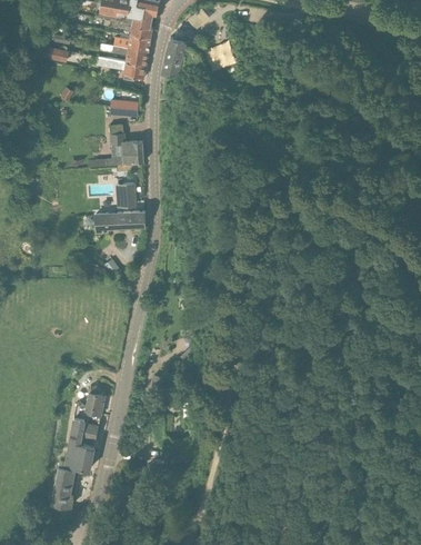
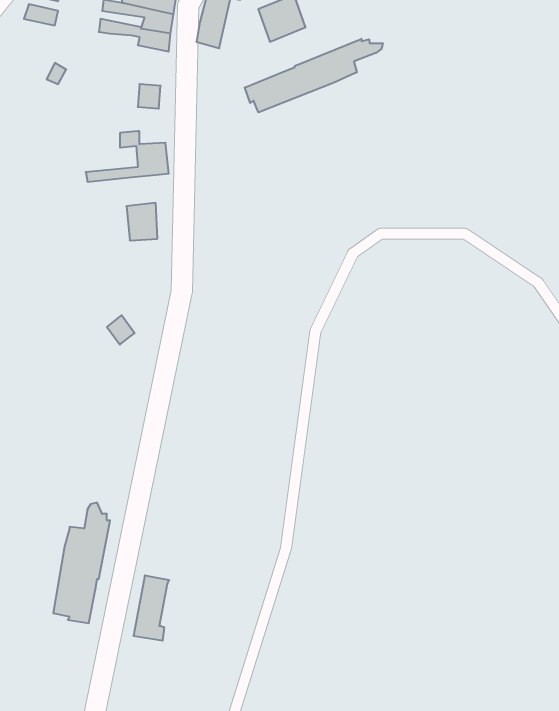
building: none -> [245,39,383,112]
building: [96,210,146,231] -> none
building: [52,460,77,505] -> [133,575,169,641]

